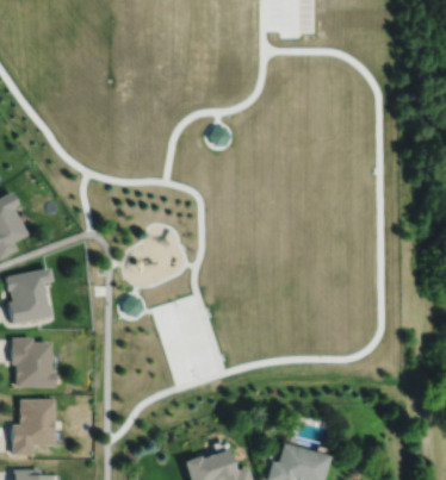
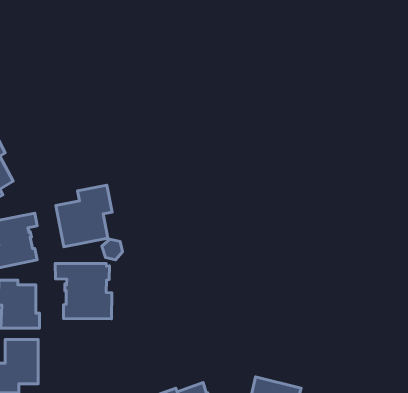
building: none -> [56,185,112,247]
building: none -> [55,264,112,319]

